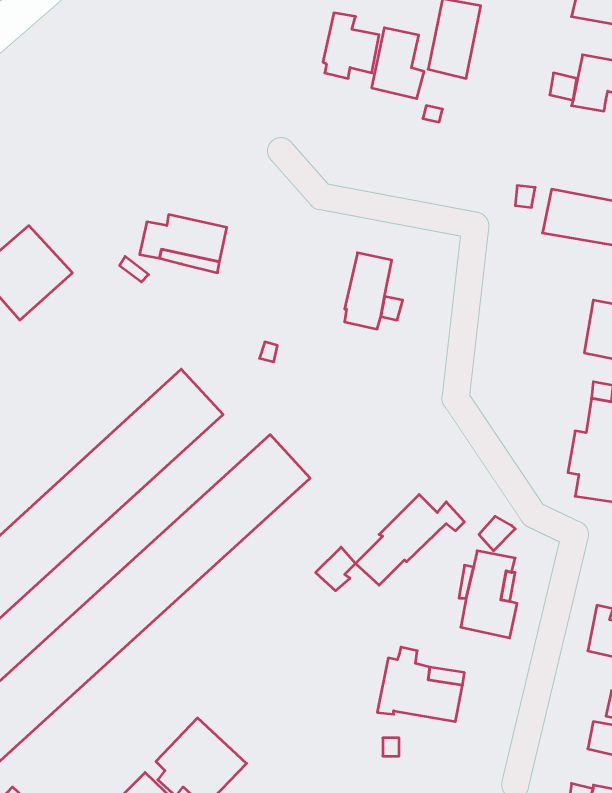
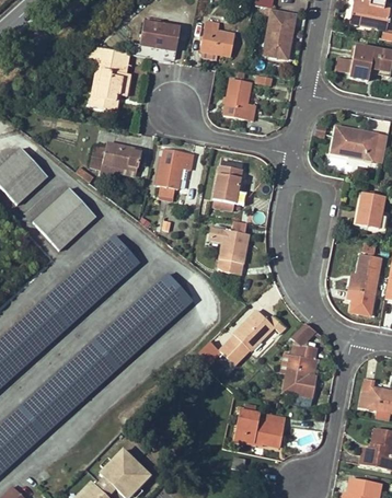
building: none -> [140,16,181,49]
building: [372,28,424,99] -> [223,78,255,120]
building: none -> [89,47,130,109]
building: none -> [157,148,193,197]
building: none -> [33,188,95,251]
building: none -> [217,225,247,274]

